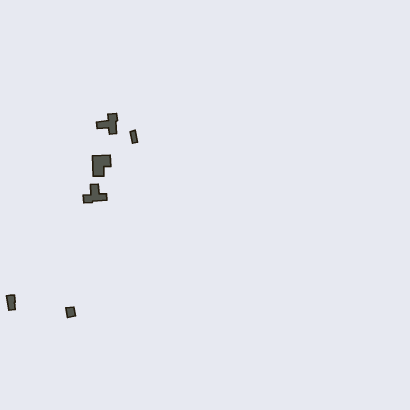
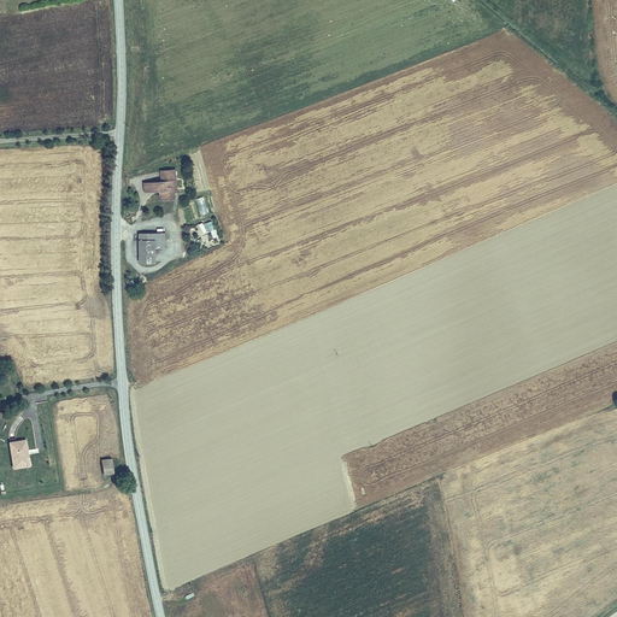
building: [83,184,107,203] -> none

